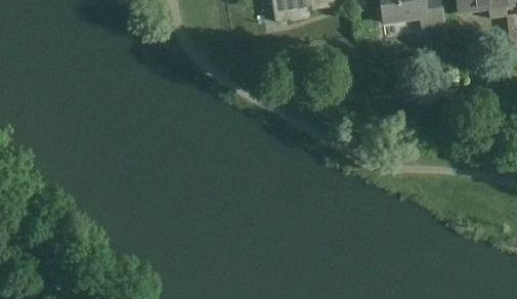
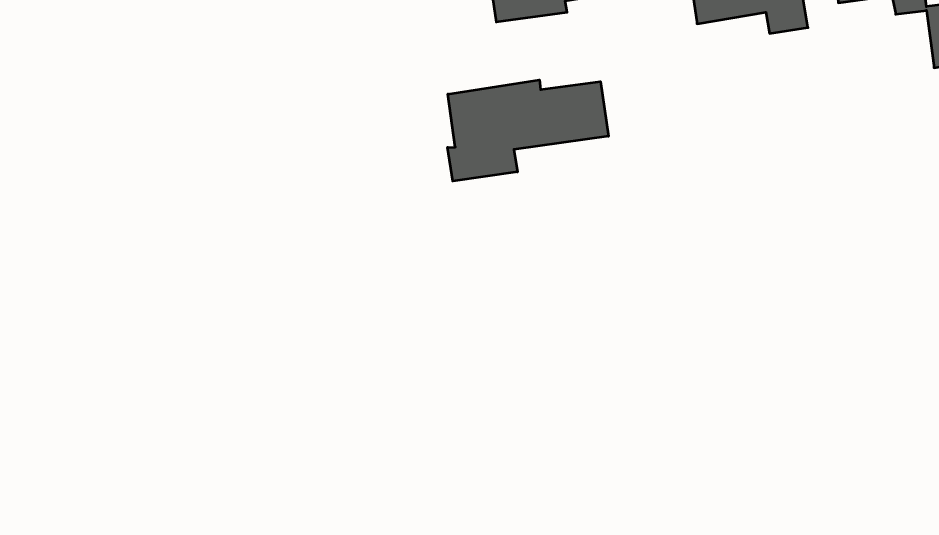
building: none -> [448,80,608,181]

